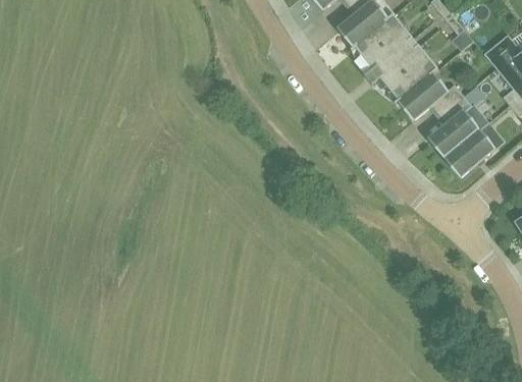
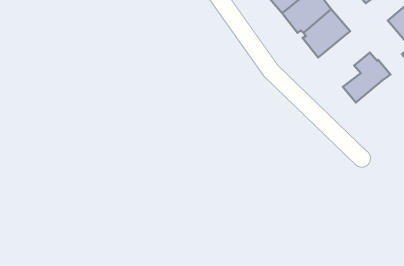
building: [399,72,463,118] -> none
building: [446,128,493,175] -> none

